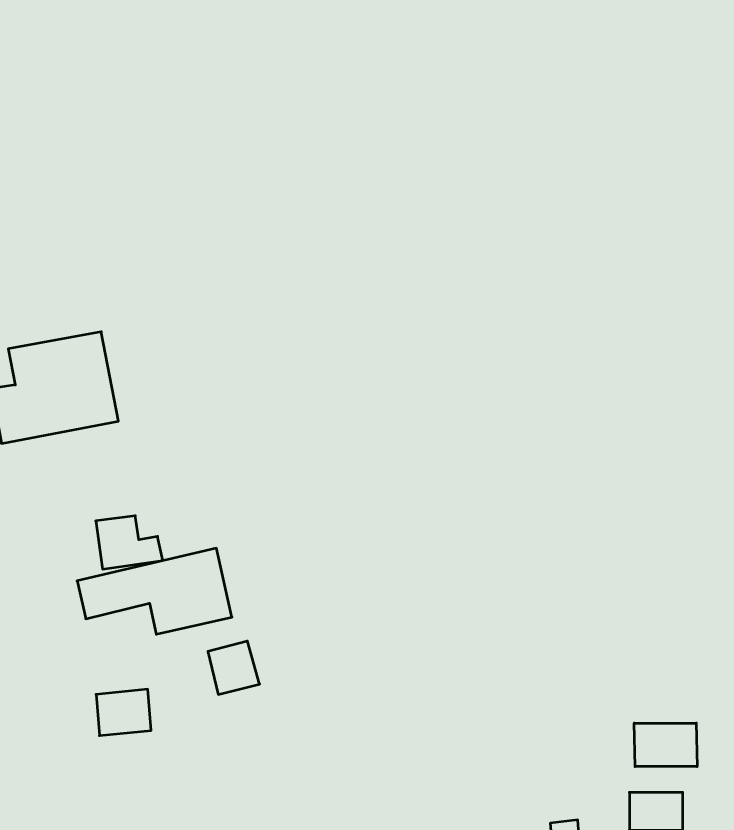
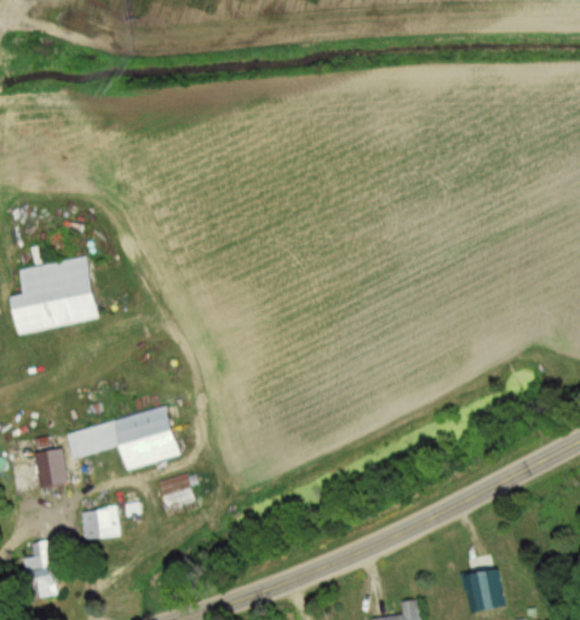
building: [96,516,163,569] -> [35,449,82,487]
building: [634,723,697,767] -> none
building: none -> [23,555,53,599]

